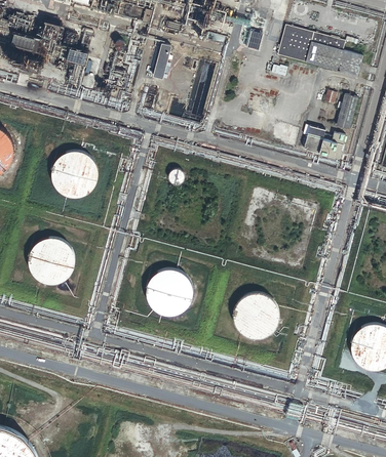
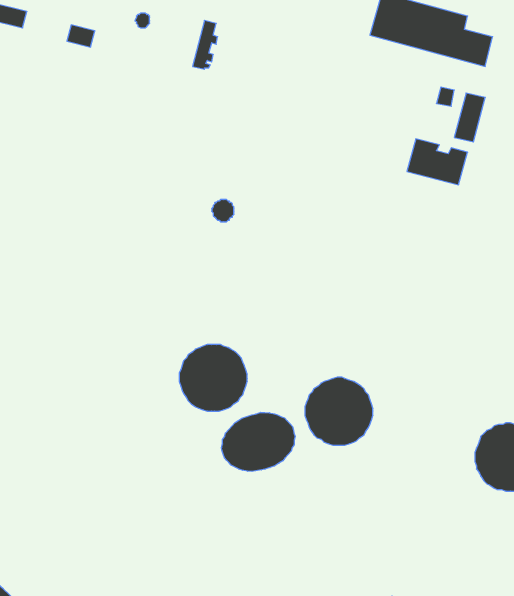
building: [51,152,99,198] -> none
building: [28,238,75,284] -> none
building: none -> [222,412,295,471]

